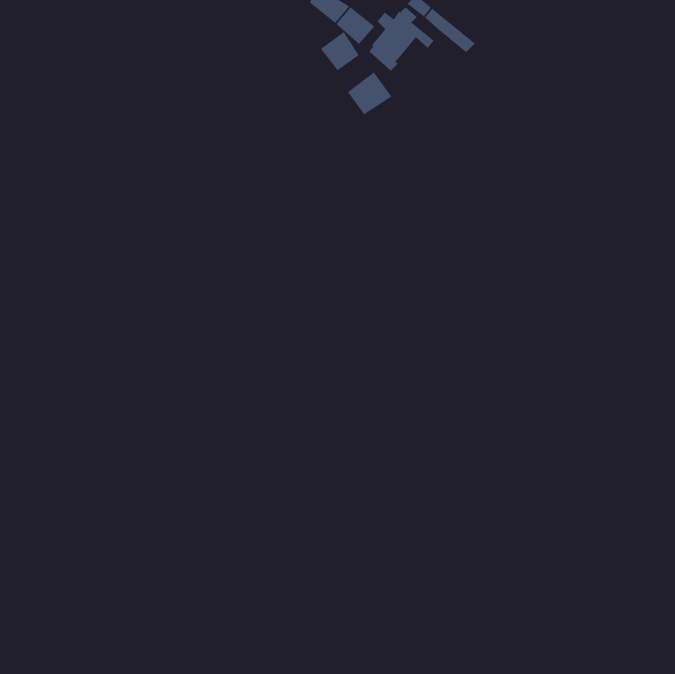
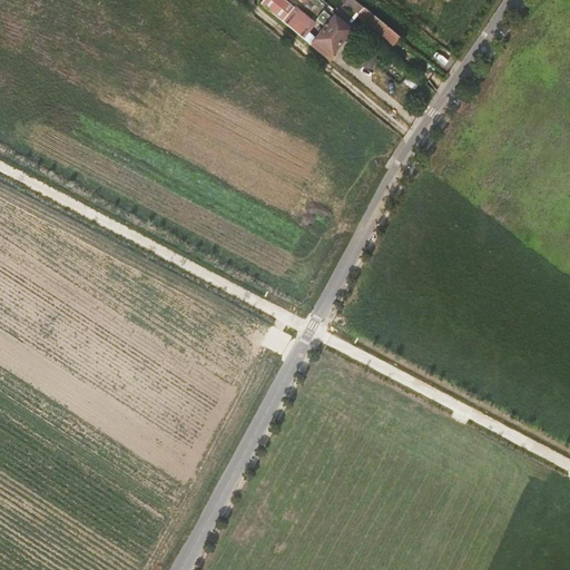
building: [320,31,360,71] -> none
building: [347,72,392,115] -> none

